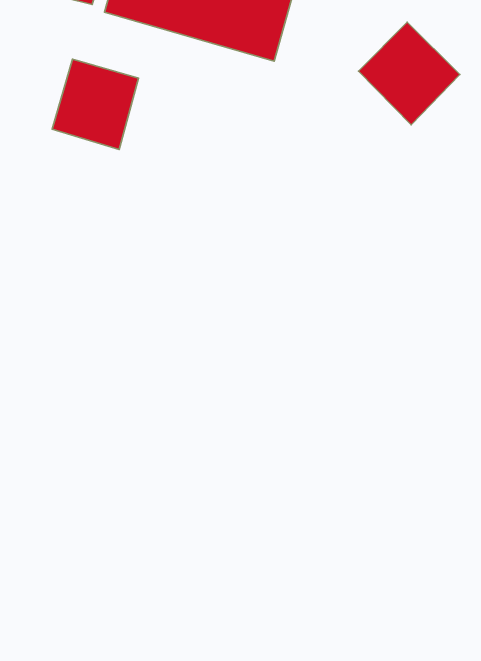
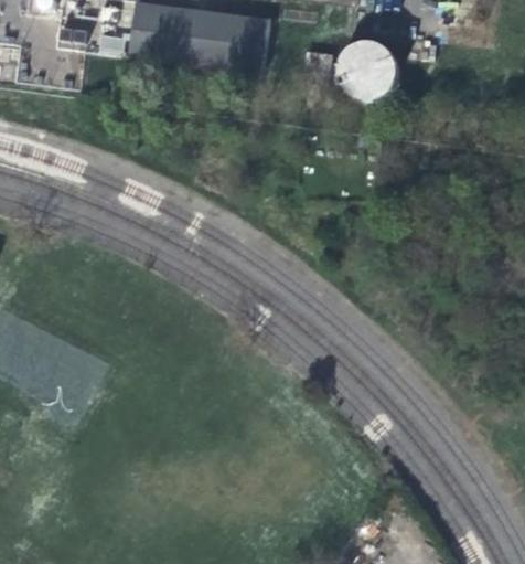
building: [52,59,139,149] -> none

